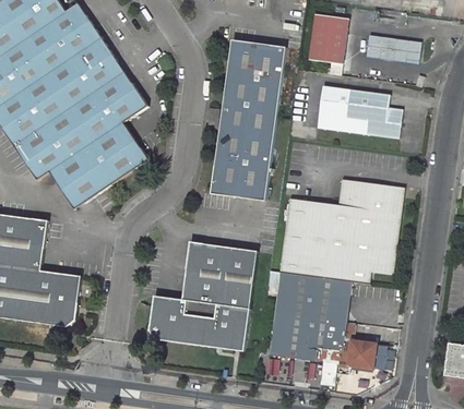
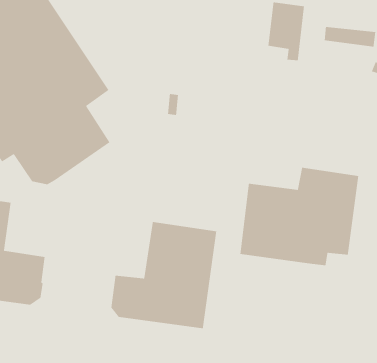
building: [211,40,285,202] -> none
building: [319,85,404,139] -> none
building: [270,273,376,370] -> none

